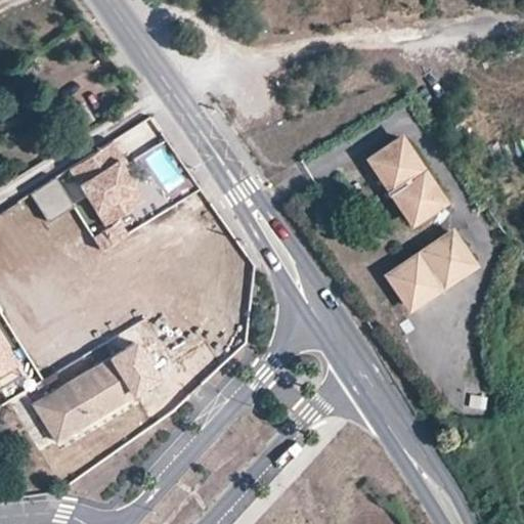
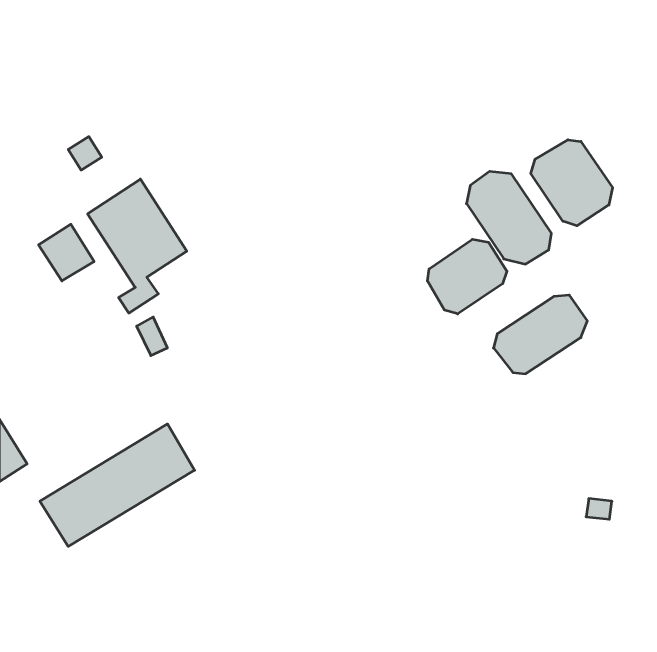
building: none -> [531,140,613,226]
building: none -> [427,239,507,314]

